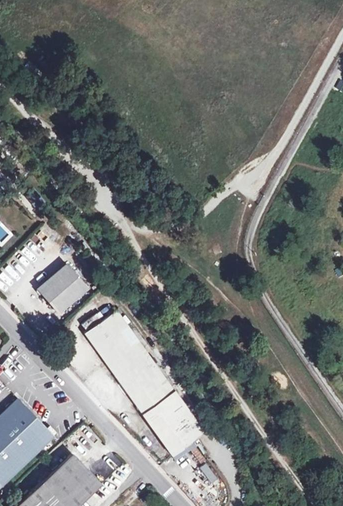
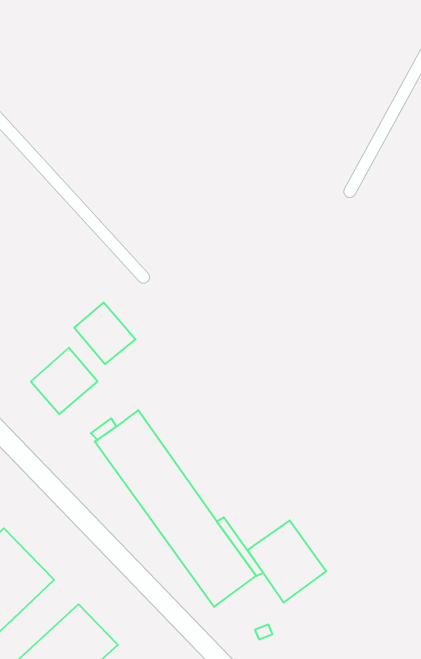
building: none -> [74,303,136,364]
building: none -> [247,520,326,603]

